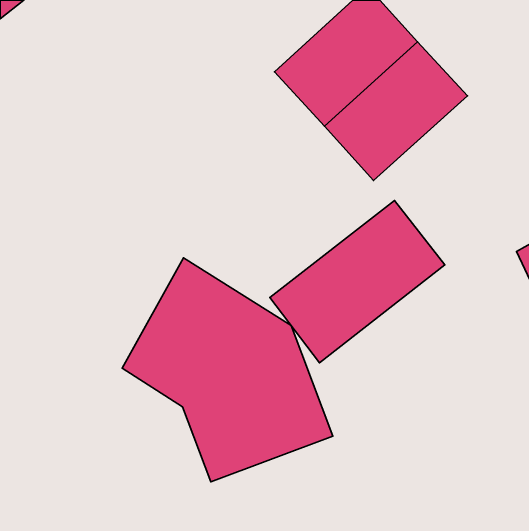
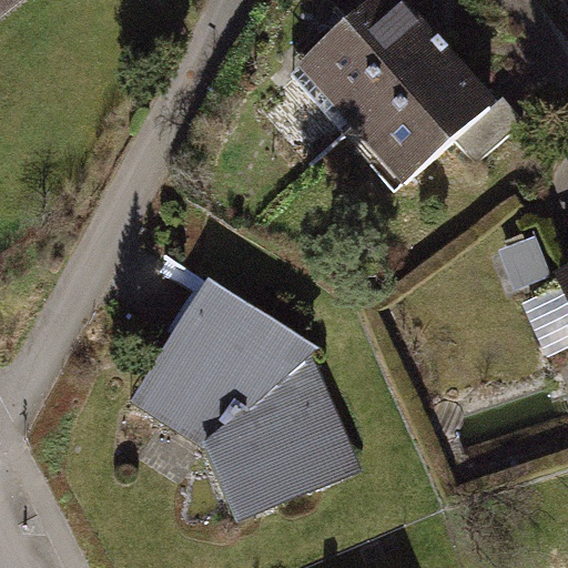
building: [270,201,445,363] -> none

